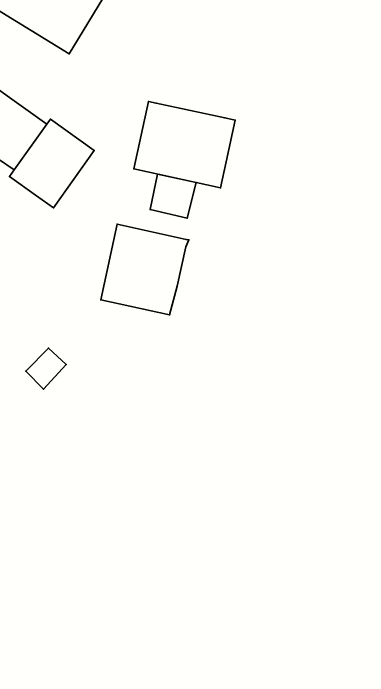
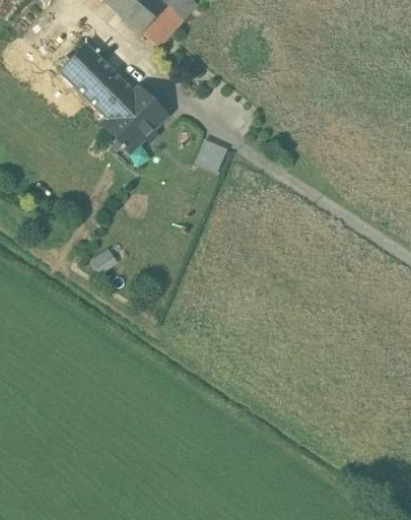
building: [134,101,235,188] -> none
building: [101,224,189,315] -> none

